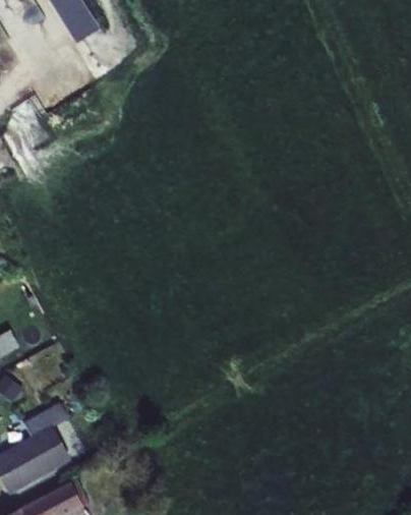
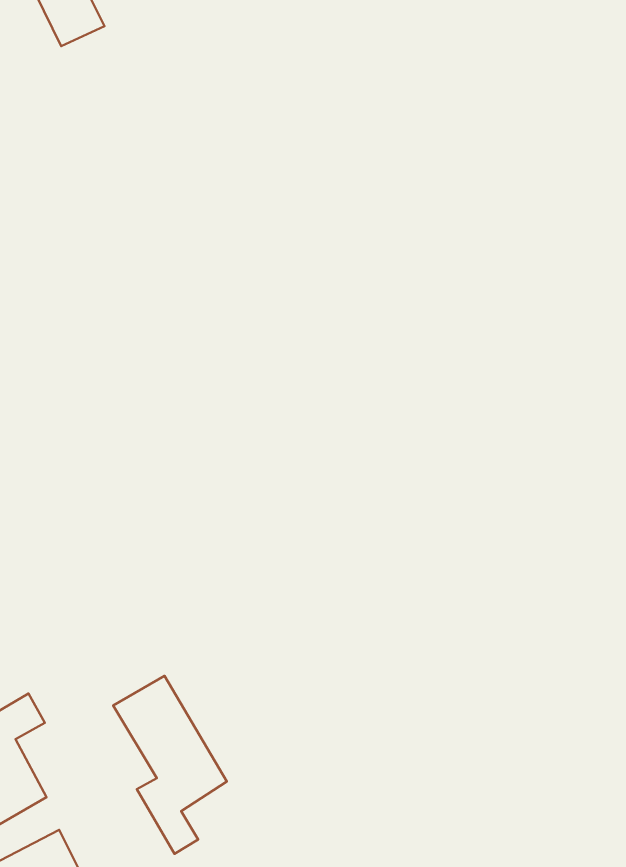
building: none -> [113,676,227,854]

